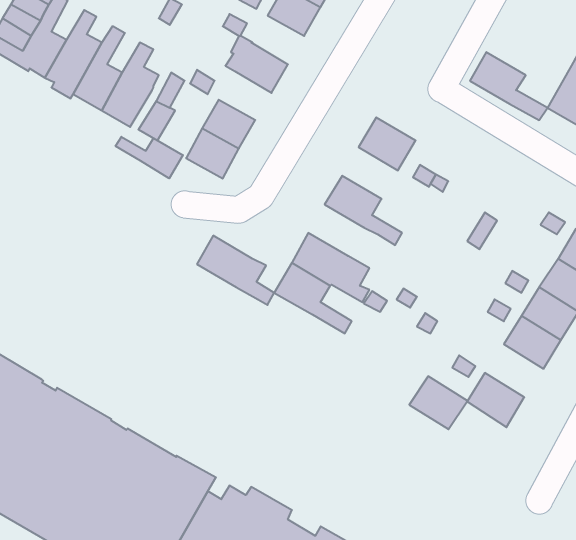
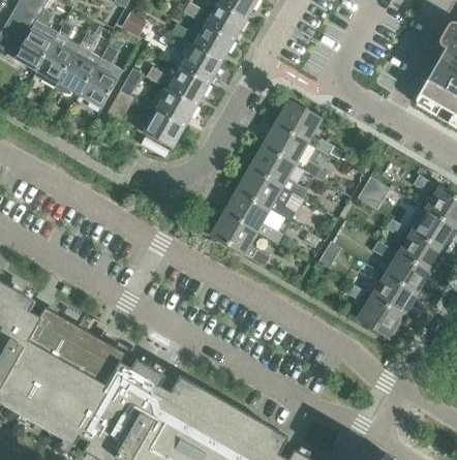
building: none -> [192,25,233,62]
building: [470,52,547,120] -> [262,125,321,177]
building: none -> [167,67,208,104]
building: [116,137,183,178] -> none
building: [197,236,274,305] -> [236,168,295,221]
building: [409,376,468,429] -> [370,275,415,315]

